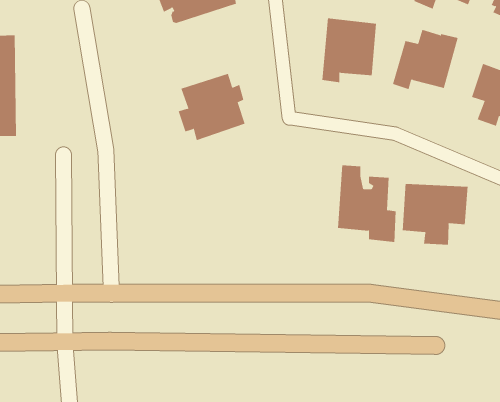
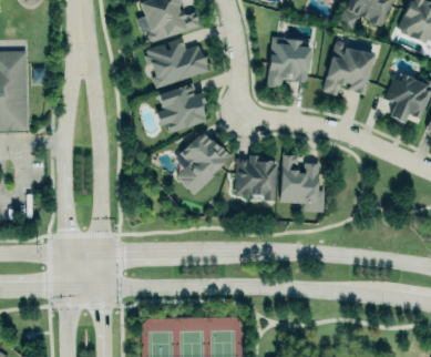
building: none -> [144,39,207,88]
building: none -> [177,132,230,194]
building: none -> [235,154,277,201]
building: [402,183,468,246] -> none

